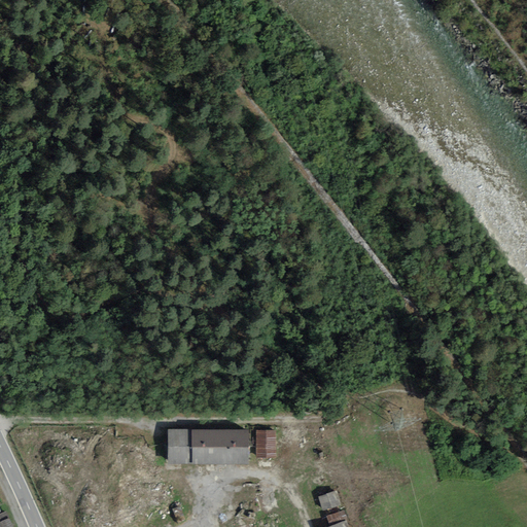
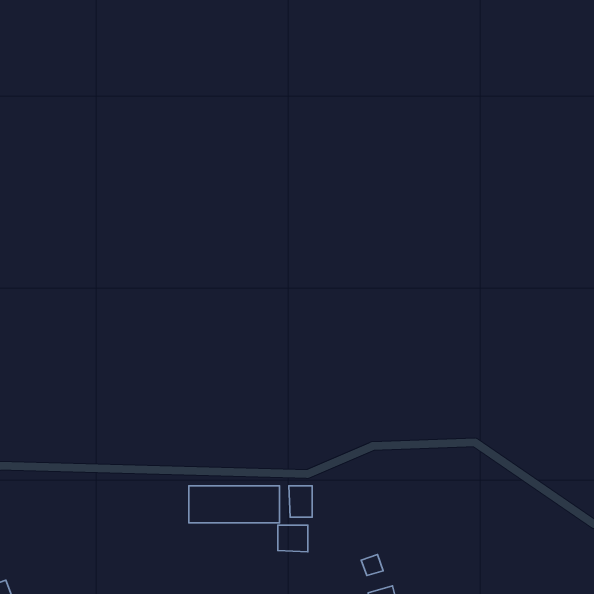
building: none -> [278,525,308,552]

